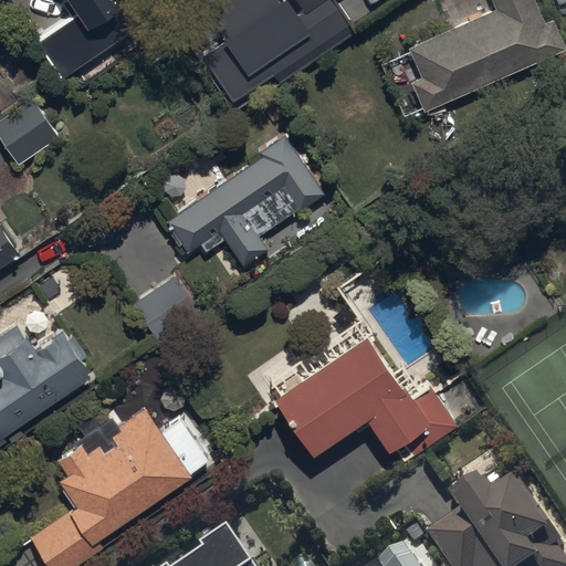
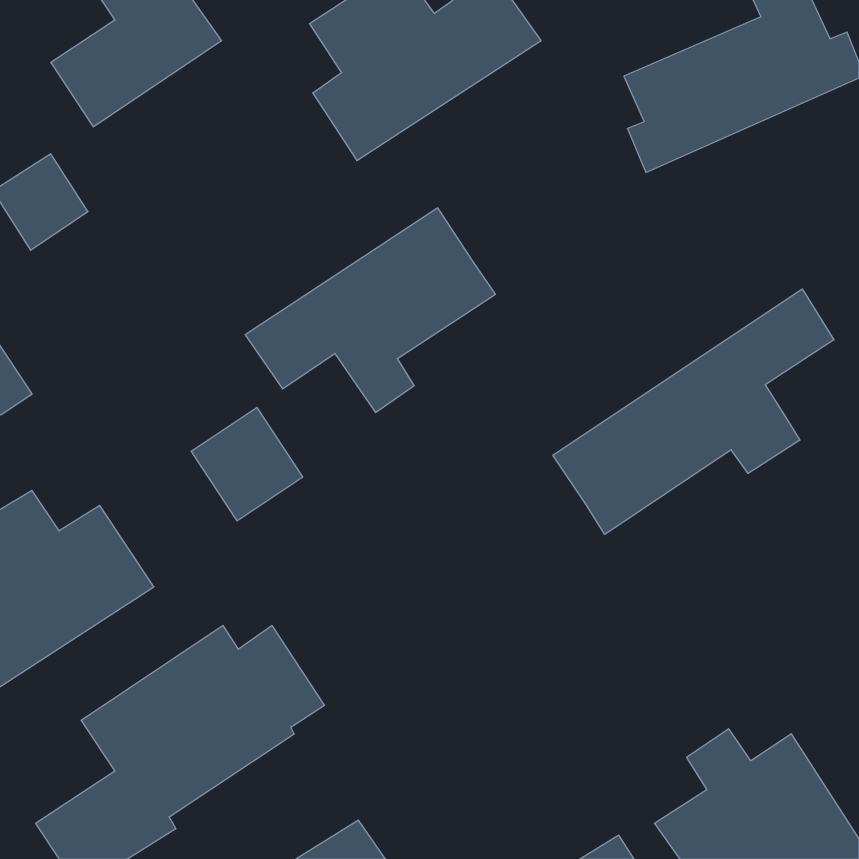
building: none -> [553,289,834,534]
building: [273,335,458,463] -> none

